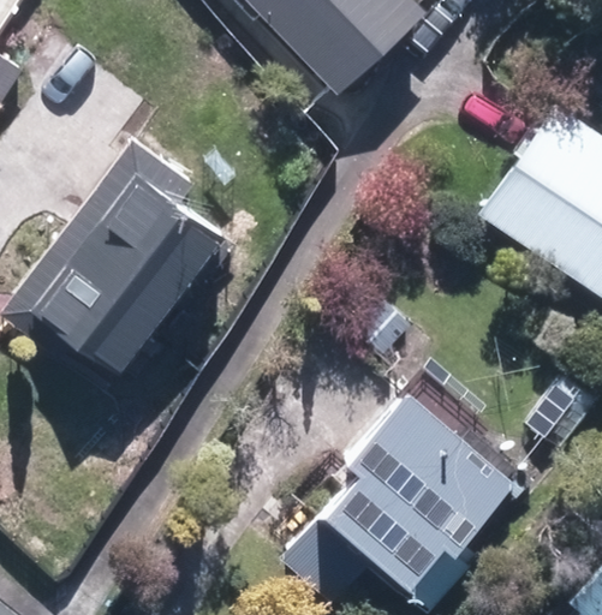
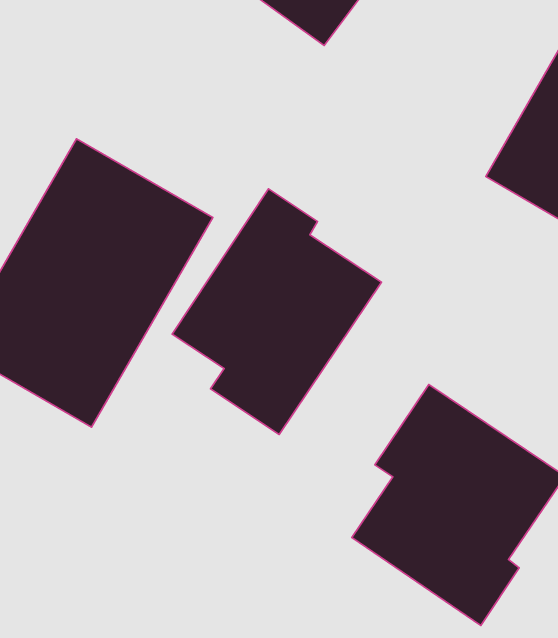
building: none -> [172,189,381,434]

